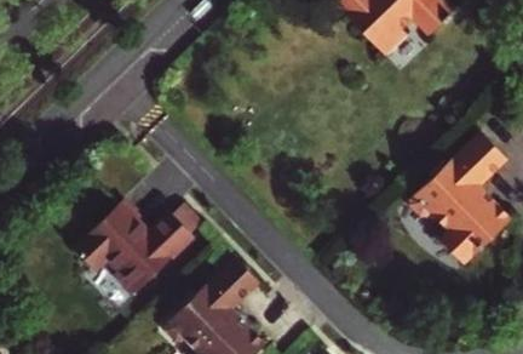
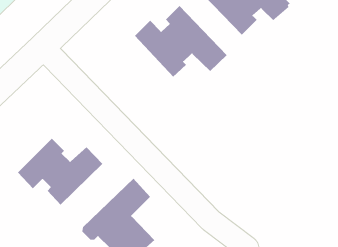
building: none -> [134,5,227,77]
building: [409,130,513,264] -> none

